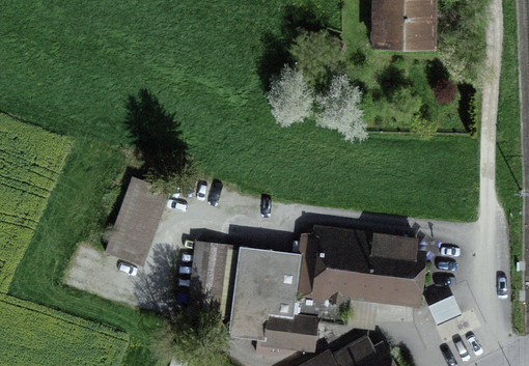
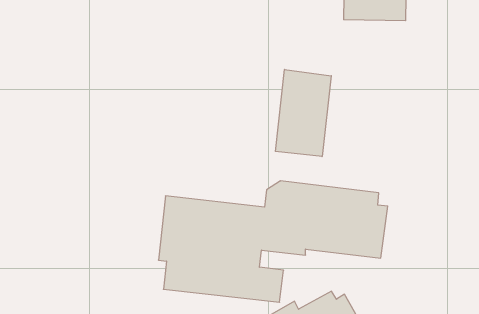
building: none -> [275,69,331,157]
building: [104,175,170,264] -> none

